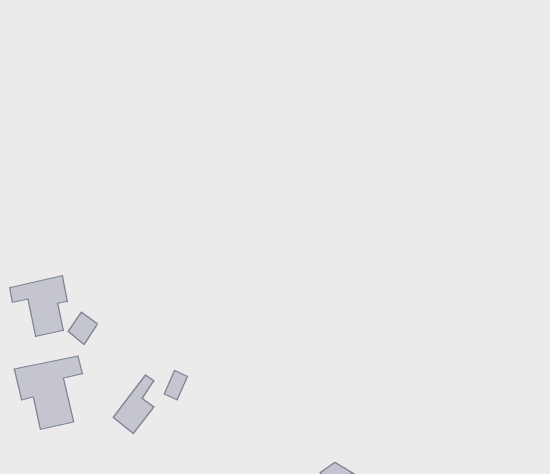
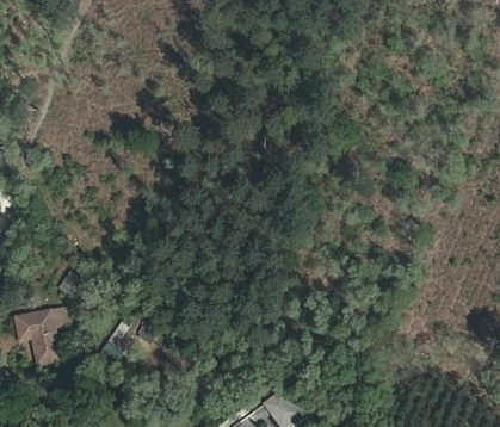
building: [10,275,67,337] -> none

